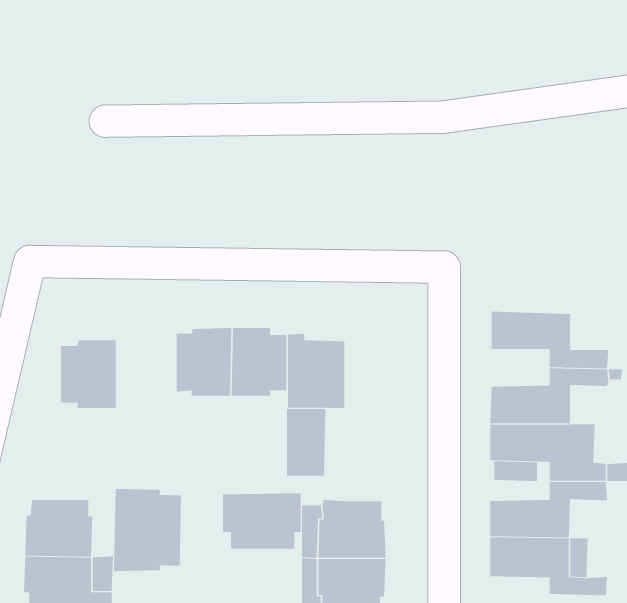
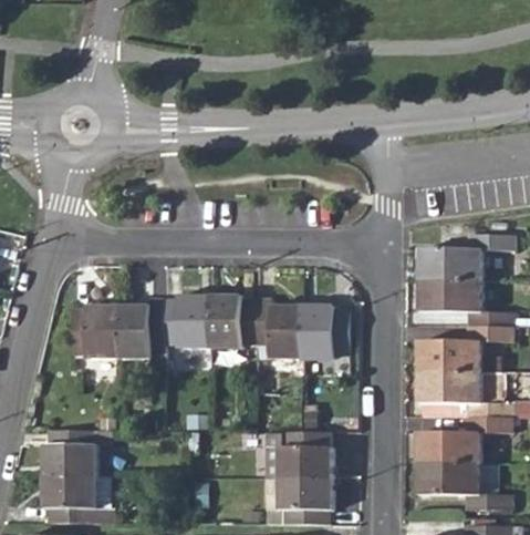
building: none -> [418,234,513,282]
building: none -> [117,298,165,359]
building: [286,409,326,476] -> [301,305,333,359]
building: [114,488,182,572] -> none
building: [223,492,301,549] -> none

